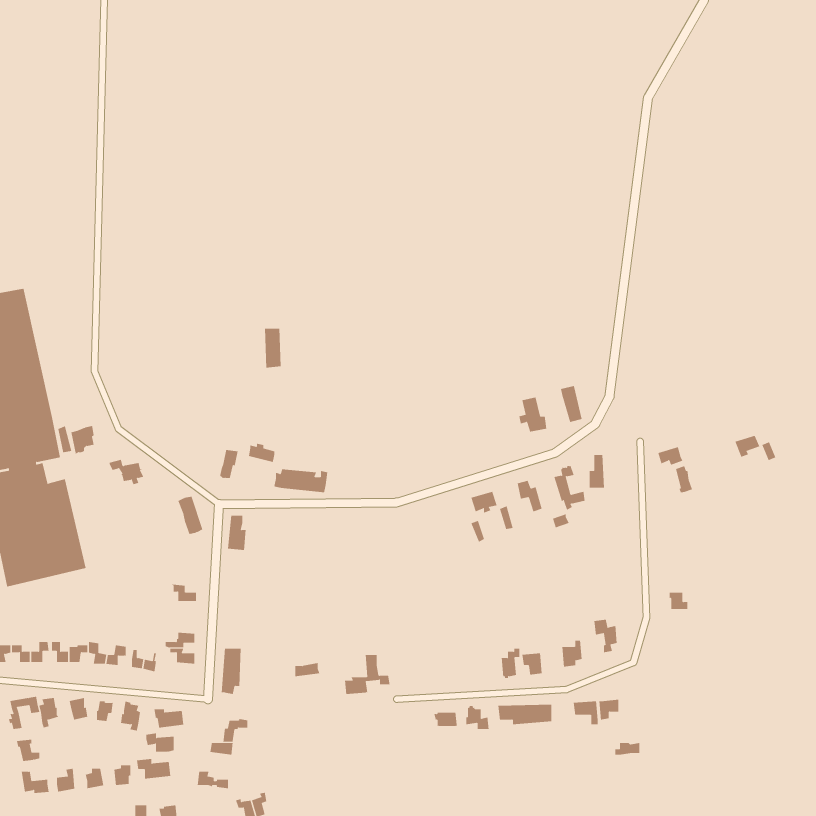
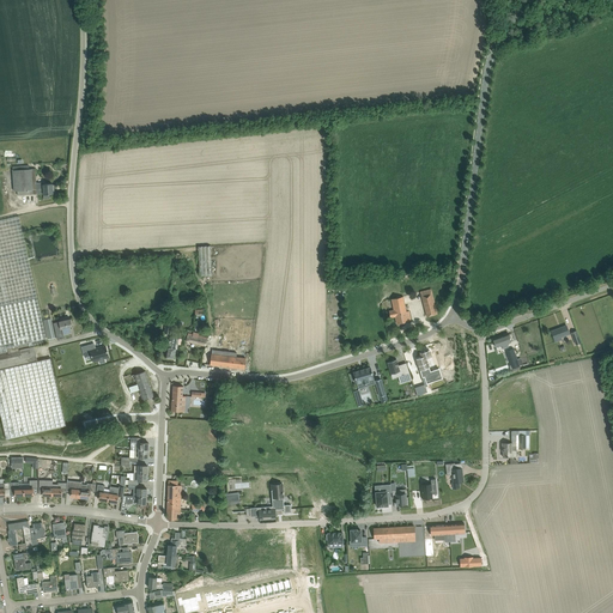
building: none -> [11,166,53,200]

